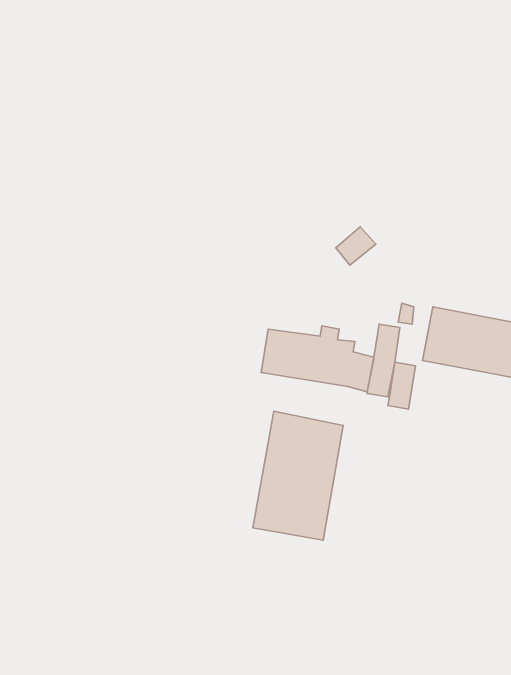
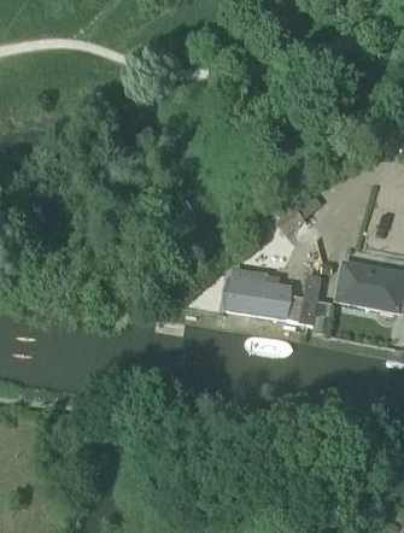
building: [253,411,343,540] -> none

